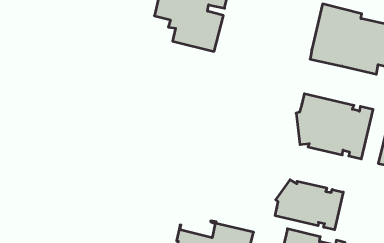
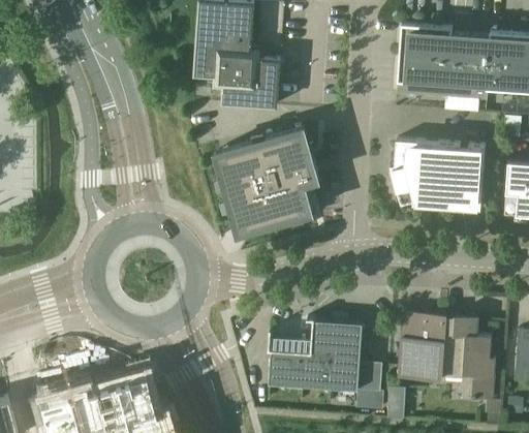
building: none -> [217,129,319,235]
building: [275,180,343,230] -> none

